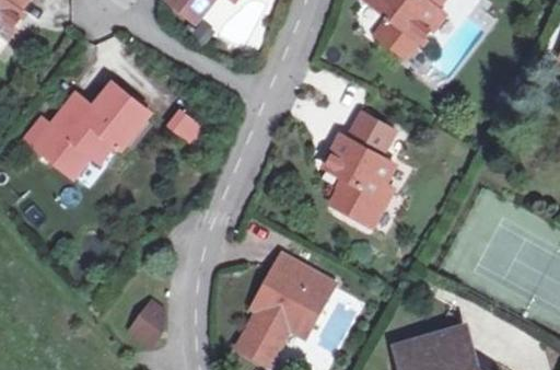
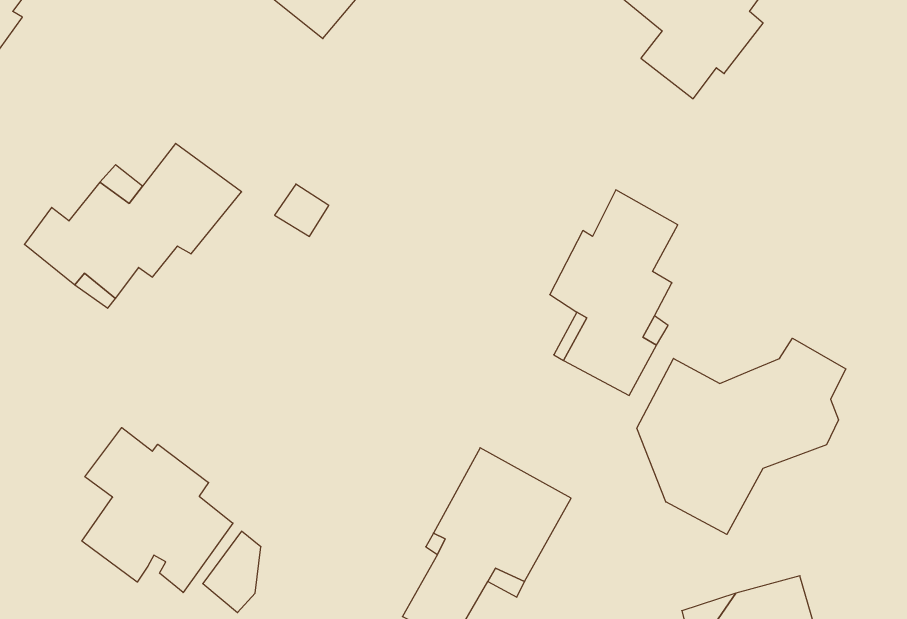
building: none -> [637,338,846,534]
building: none -> [82,428,233,593]

